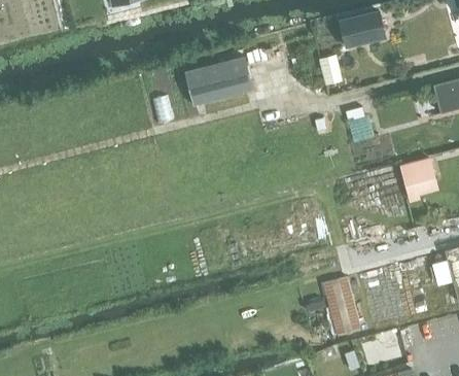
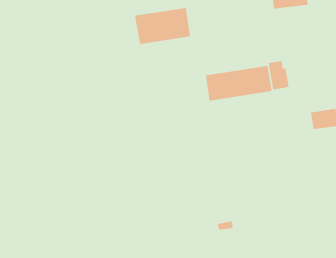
building: none -> [205,65,272,102]
building: [322,277,358,335] -> none

